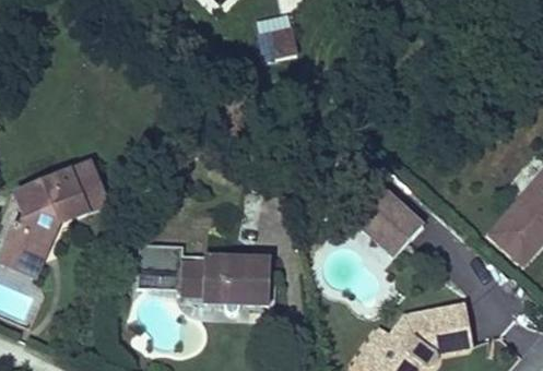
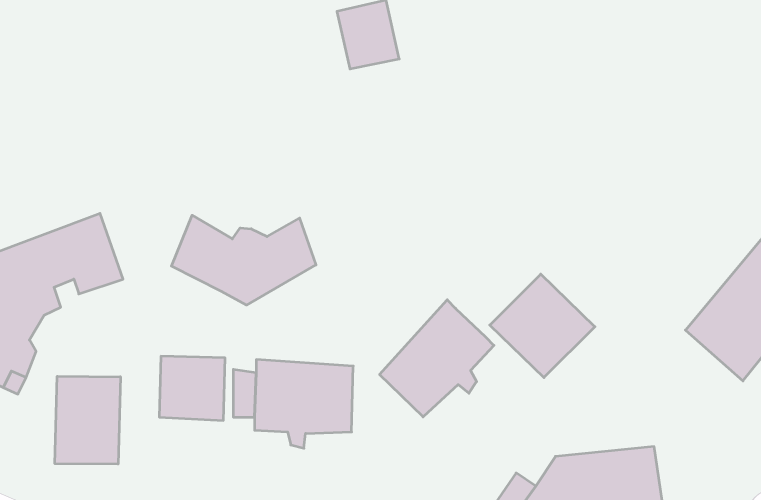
building: none -> [171,215,316,305]
building: none -> [380,300,494,417]
building: none -> [55,376,120,464]

